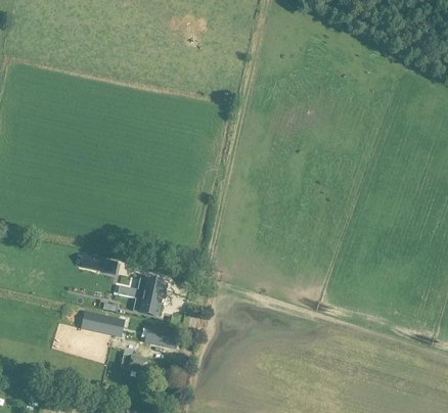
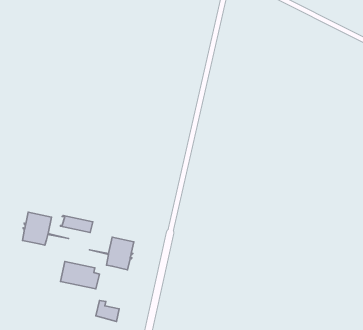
building: none -> [22,212,69,245]
building: [143,325,178,349] -> none

